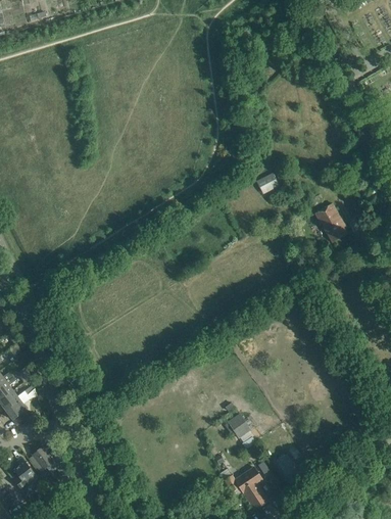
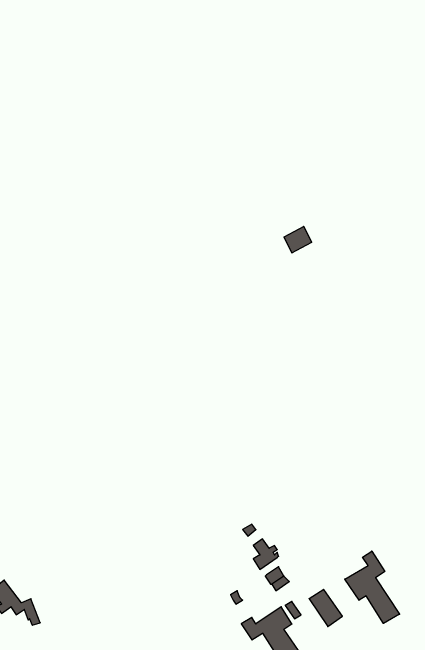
building: [315,203,347,242] -> none
building: none -> [345,551,400,623]

